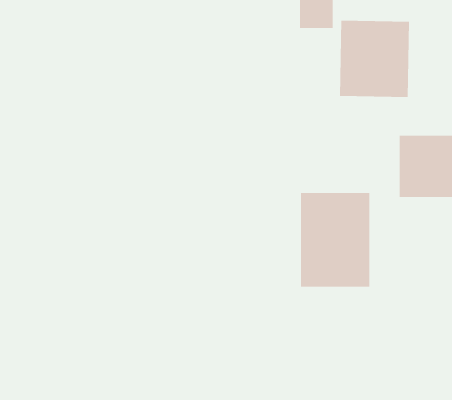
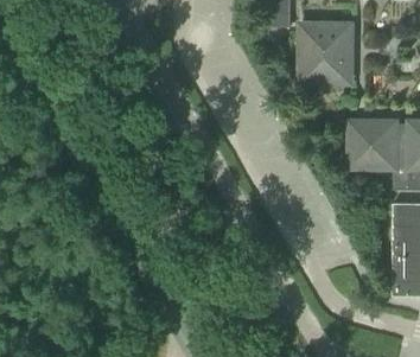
building: [301,192,370,287] -> none

